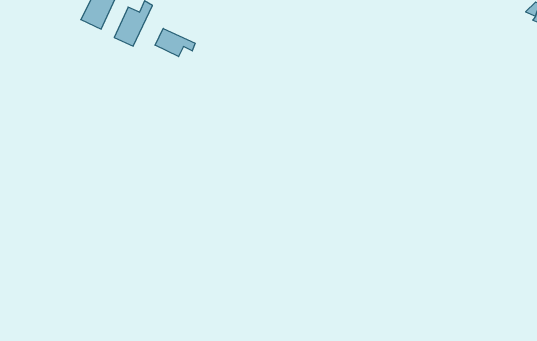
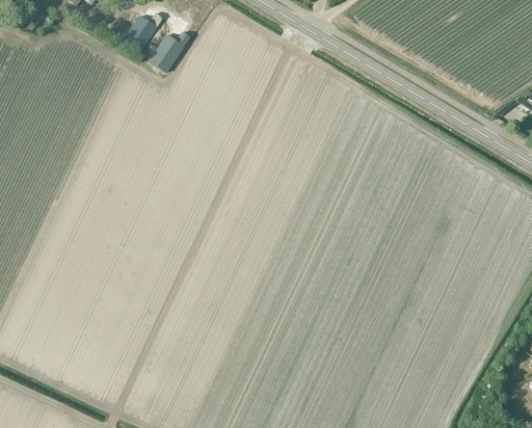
building: [155,28,195,57] -> none

